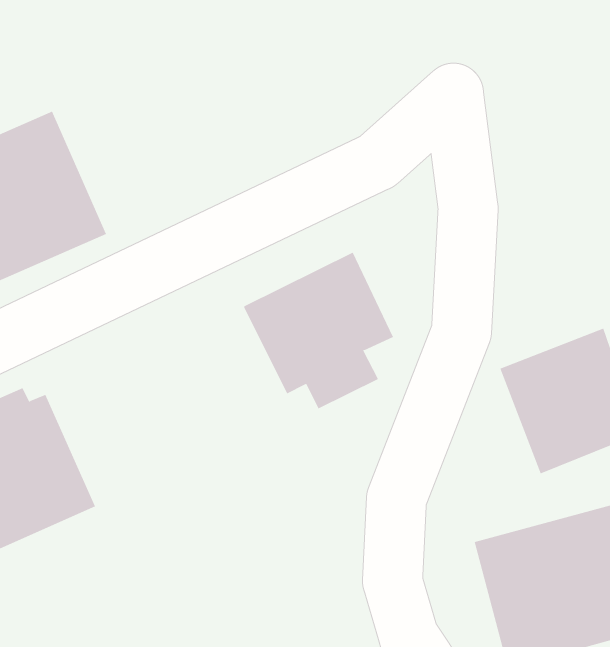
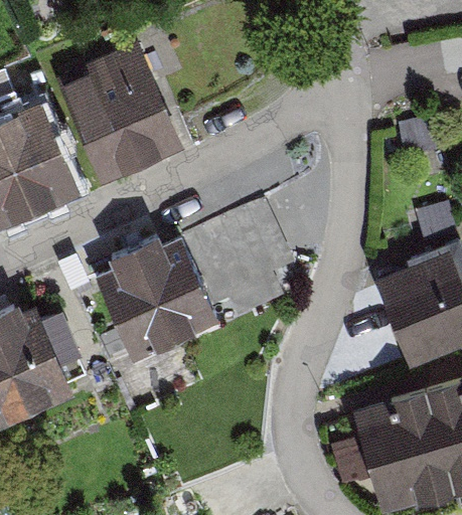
building: none -> [57,49,185,185]
building: none -> [97,236,219,358]

